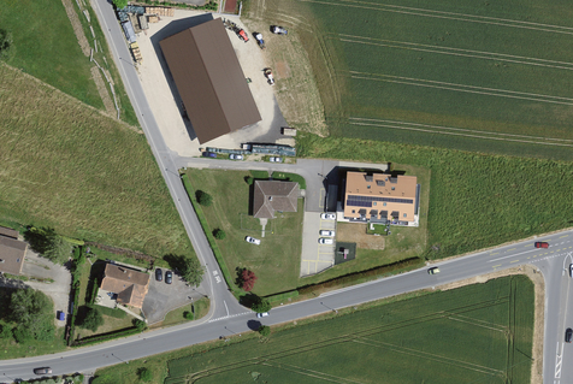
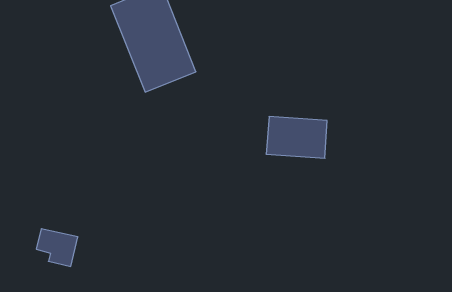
building: [253,181,296,217] -> none
building: [100,264,149,308] -> [36,229,78,266]

